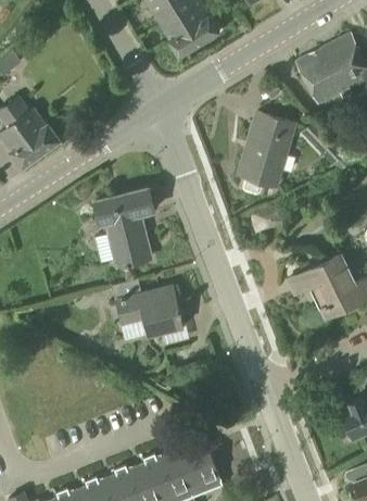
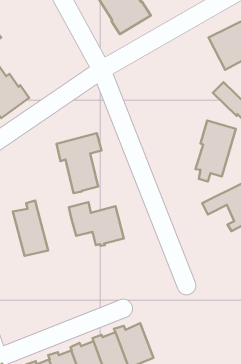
building: [241,112,294,192] -> [196,120,236,181]
building: none -> [13,200,48,256]

